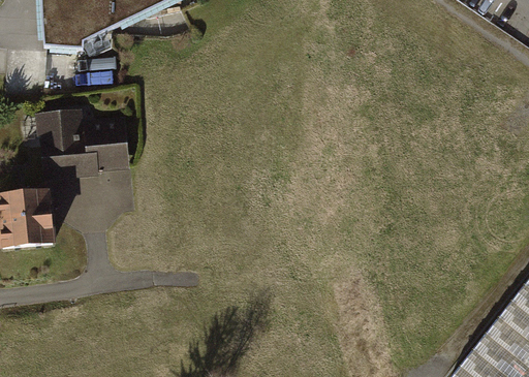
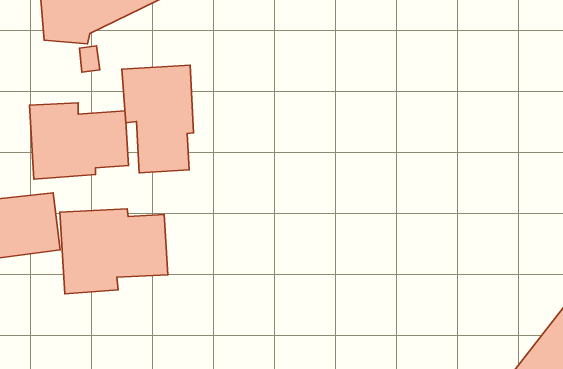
building: none -> [122,65,194,173]
building: none -> [60,209,168,294]

